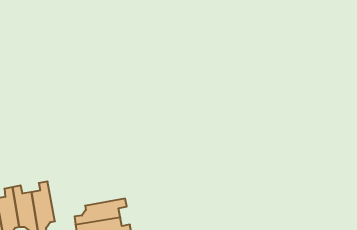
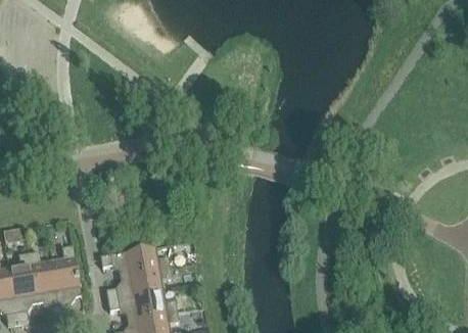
building: none -> [99,246,169,276]

